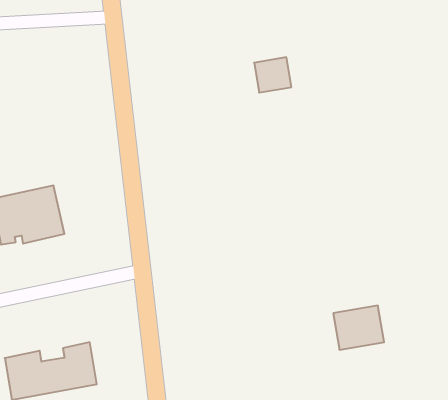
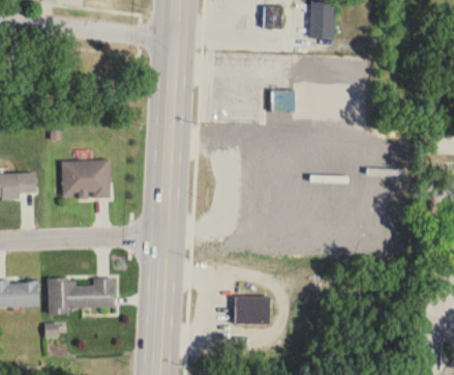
building: [333,306,384,350] -> [236,297,270,325]

